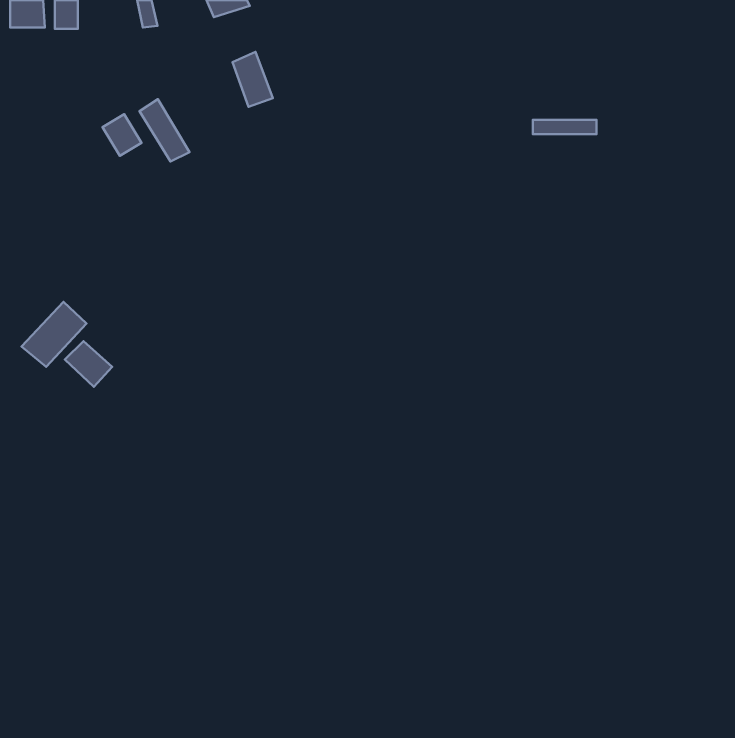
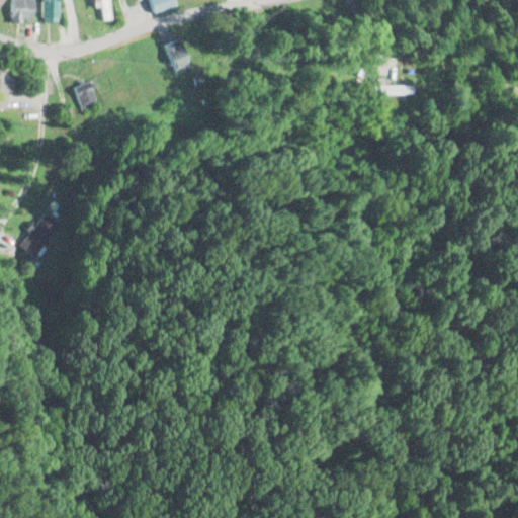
building: [139,99,190,162] -> none
building: [65,341,112,387] -> none

